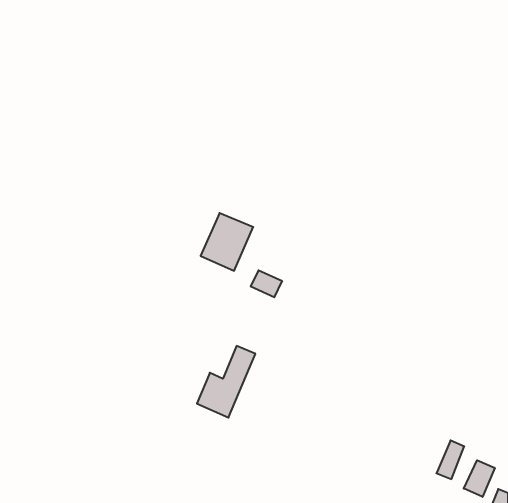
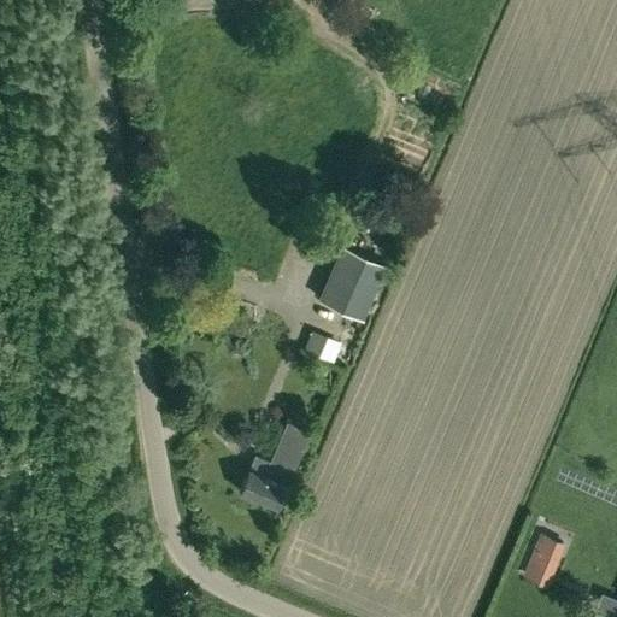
building: [201,213,253,271] -> [321,251,384,321]
building: [464,460,495,497] -> none

